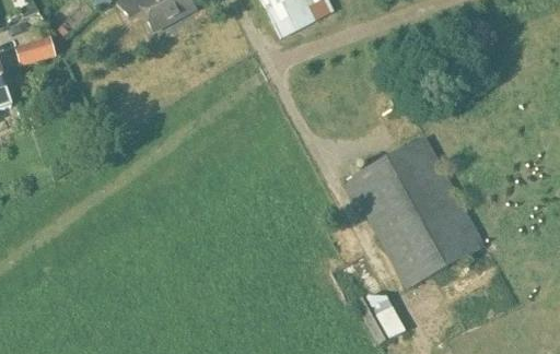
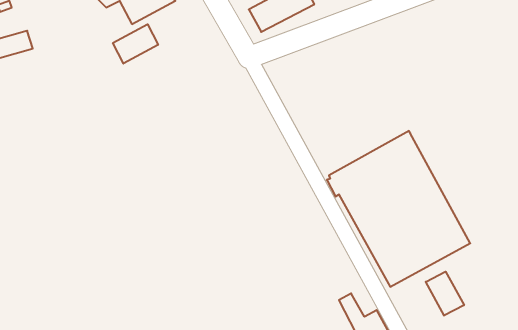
building: none -> [113,24,158,64]
building: none -> [426,272,464,316]

